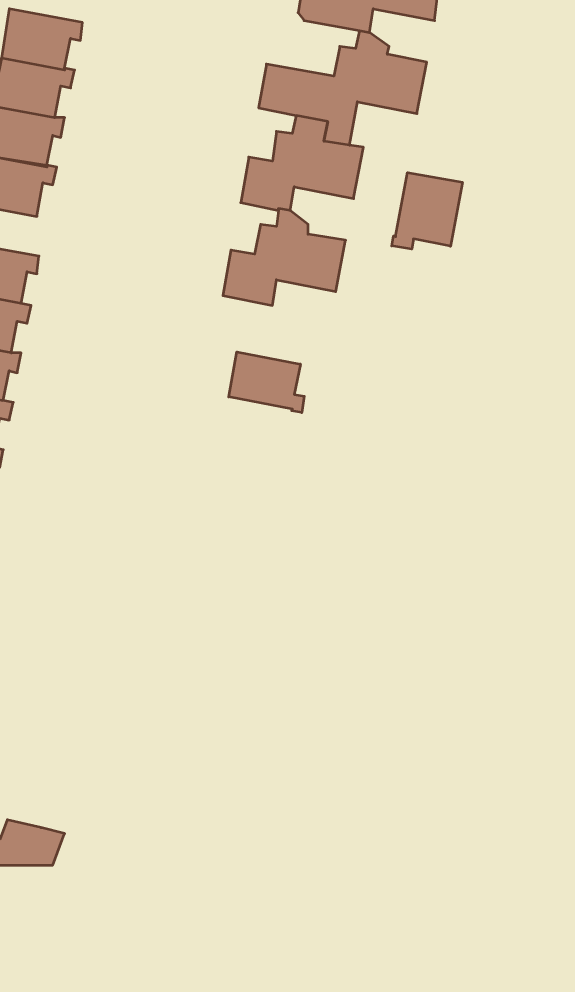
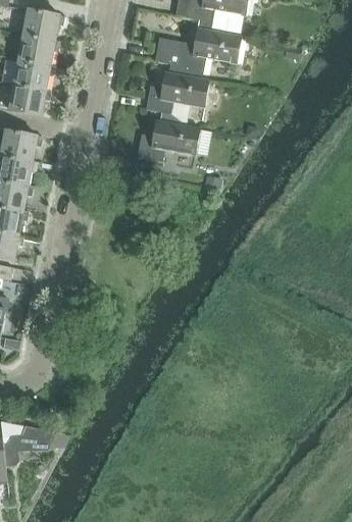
building: [392,173,462,249] -> none
building: [229,352,304,413] -> none

